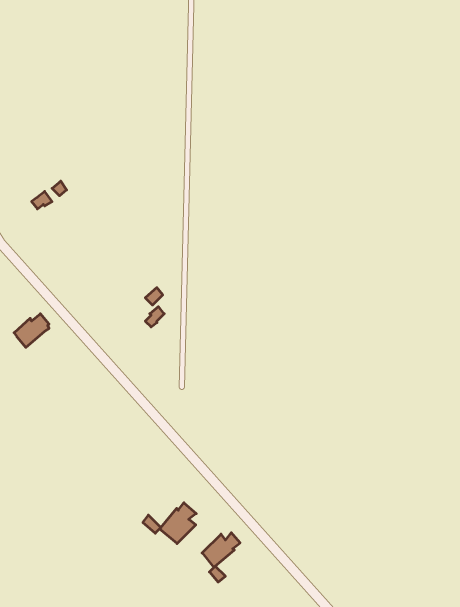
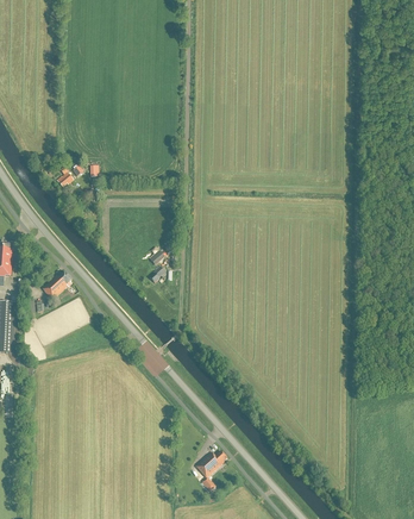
building: [143,503,196,544] -> none

